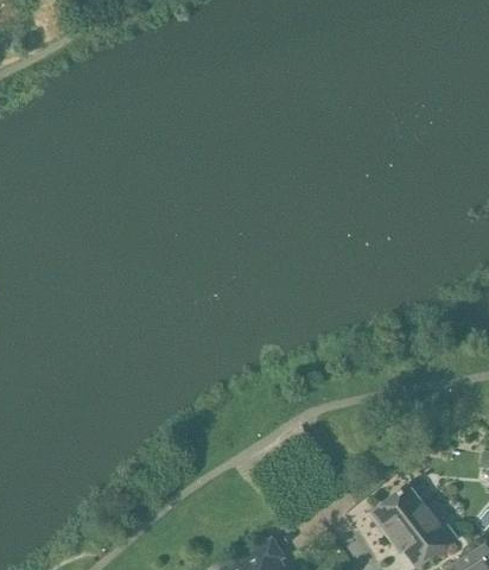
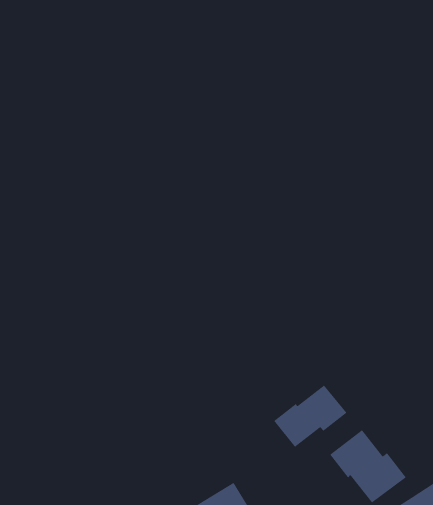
building: none -> [273,384,347,448]

